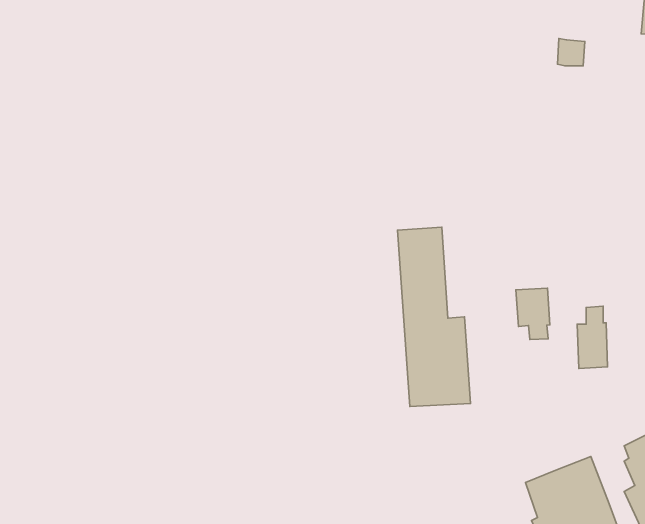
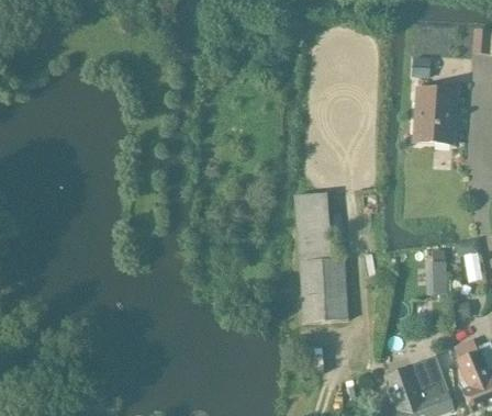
building: none -> [414,85,456,140]
building: [516,288,550,339] -> none

